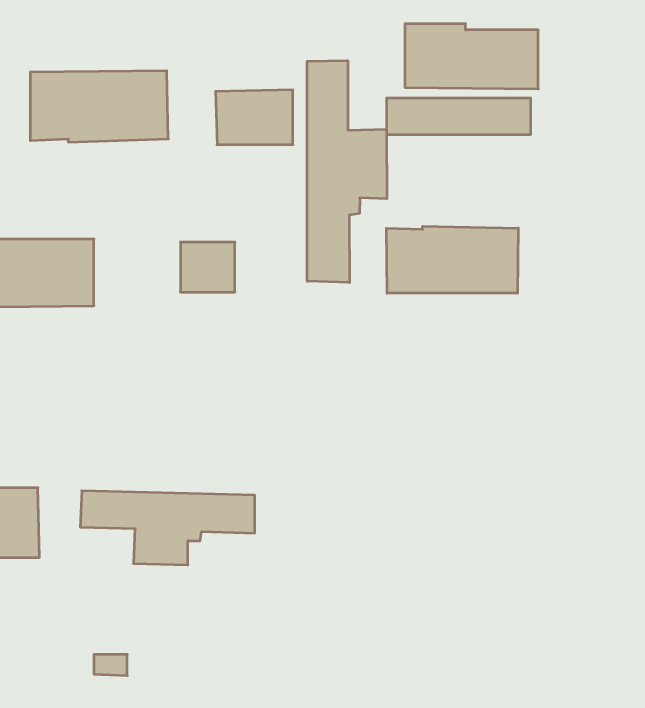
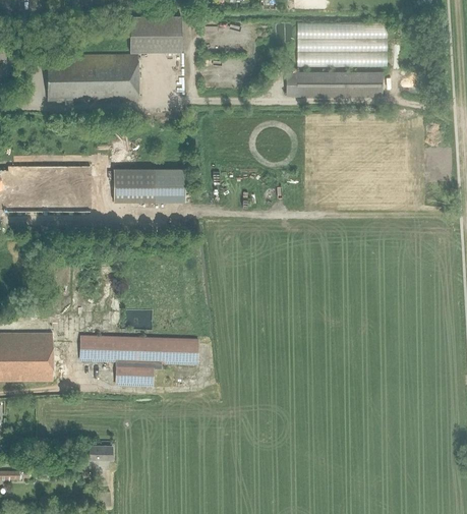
building: [307,61,387,283] -> none
building: [216,90,293,145] -> [129,15,181,52]
building: [386,226,518,293] -> none
building: none -> [113,168,148,202]

